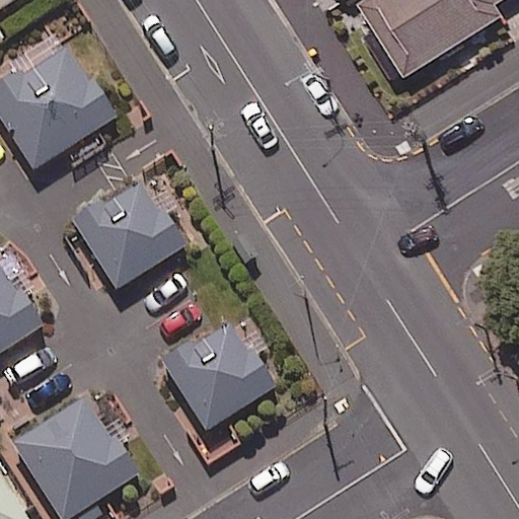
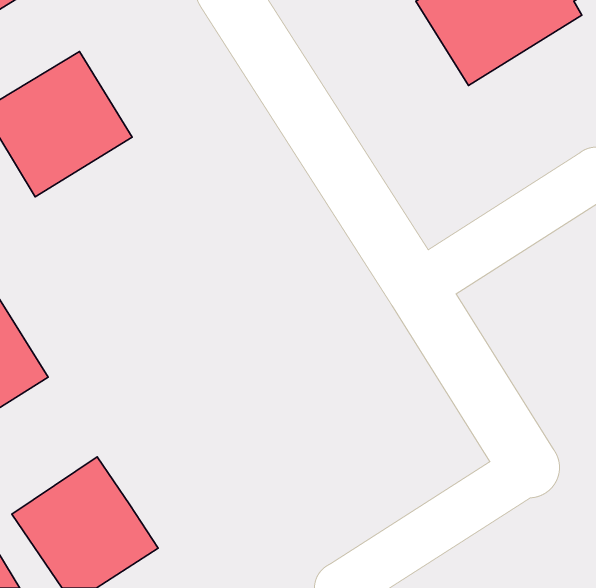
building: [74,179,183,289] -> none
building: [164,321,273,430] -> none

